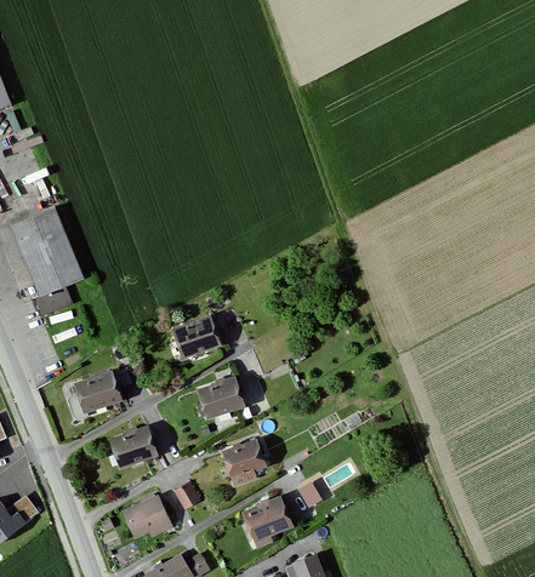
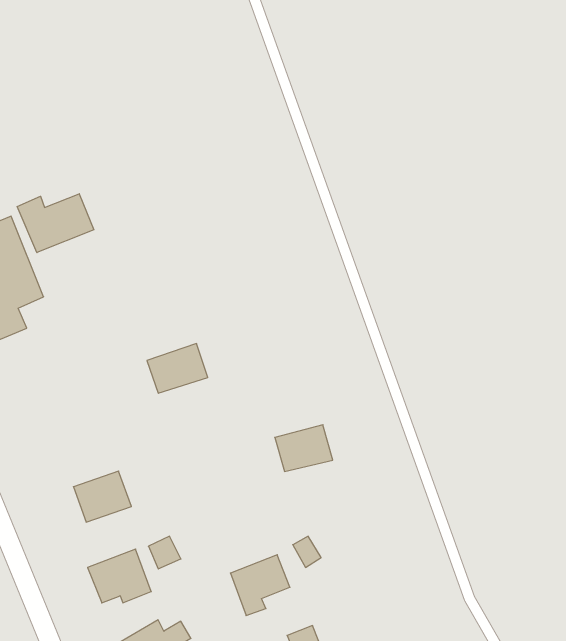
building: none -> [17,194,94,253]
building: [74,366,123,410] -> none
building: [197,377,246,417] -> [275,425,333,471]
building: [223,438,268,484] -> none

